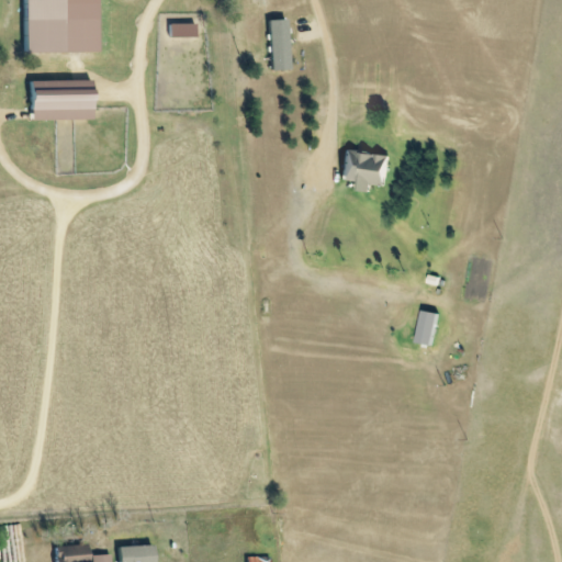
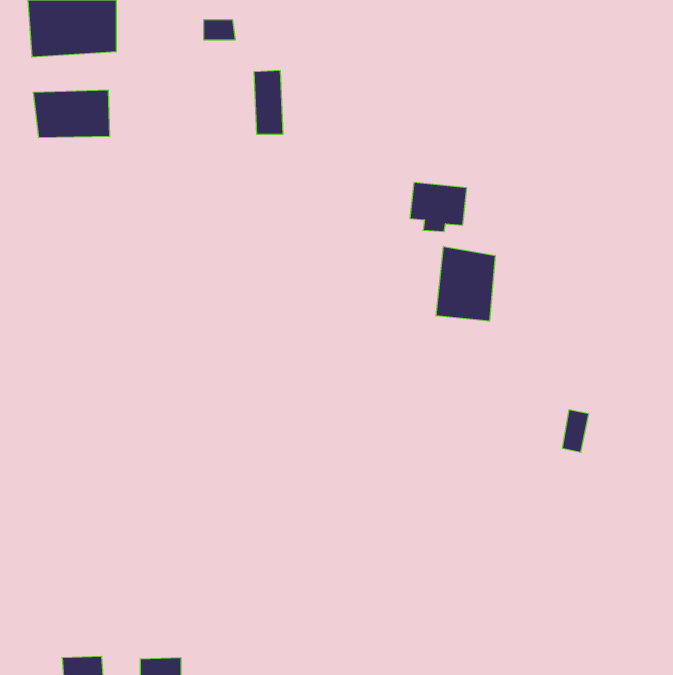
building: [269,16,293,69] -> [254,71,283,134]
building: none -> [436,246,495,321]
building: [418,312,440,347] -> [562,410,589,452]

